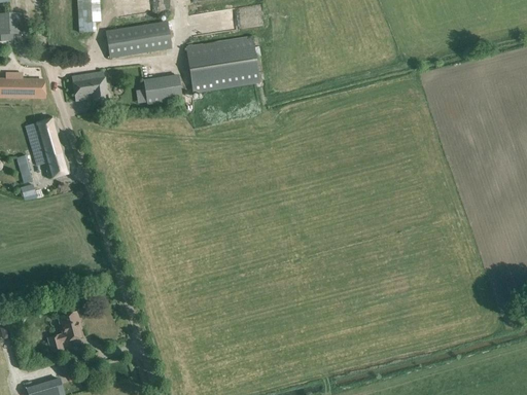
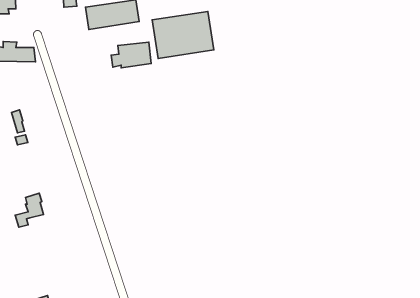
building: [72,73,107,102] -> none
building: [25,117,70,178] -> none
building: [47,311,81,352] -> [15,193,44,227]

